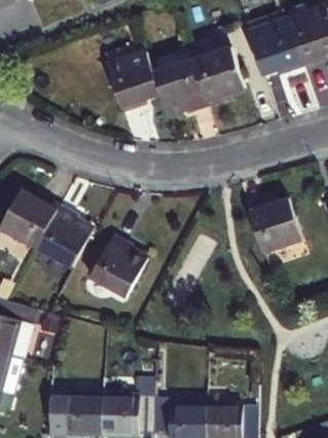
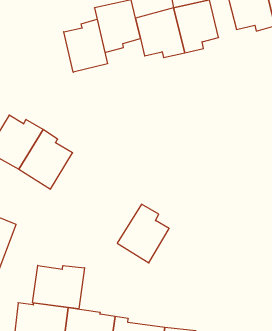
building: none -> [64,19,107,72]
building: [246,198,299,253] -> none
building: [93,234,147,297] -> [117,204,169,263]
building: none -> [33,265,85,309]

